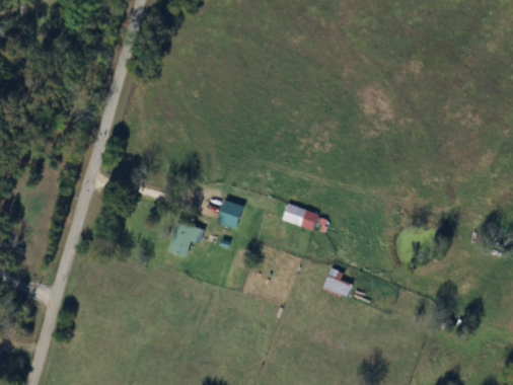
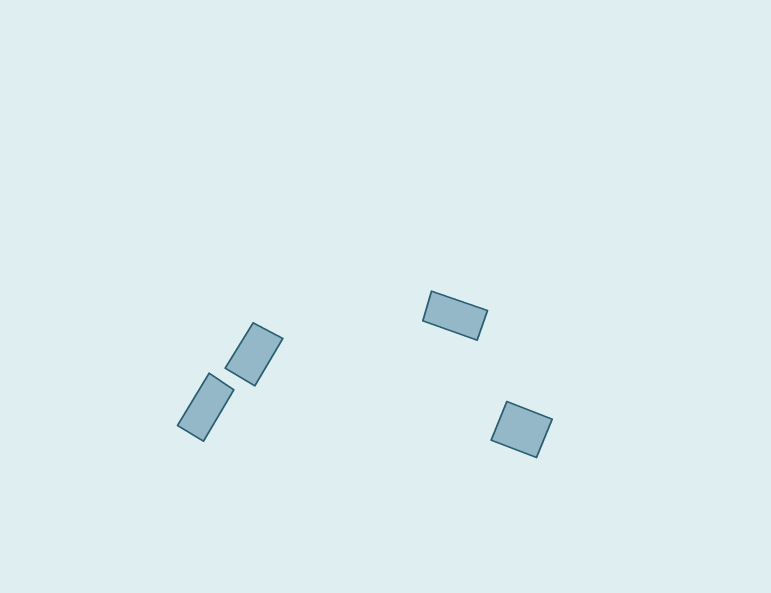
building: [217,200,243,229] -> none
building: none -> [177,373,234,441]

